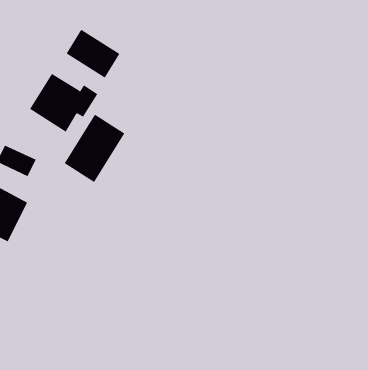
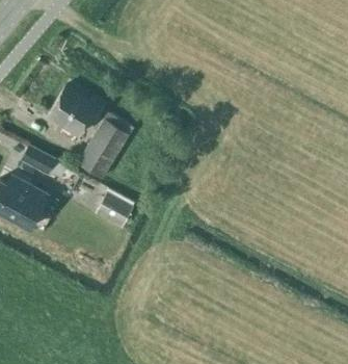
building: [66,29,120,78] -> none
building: none -> [99,191,134,224]

